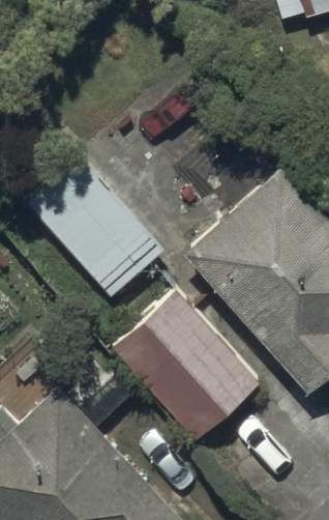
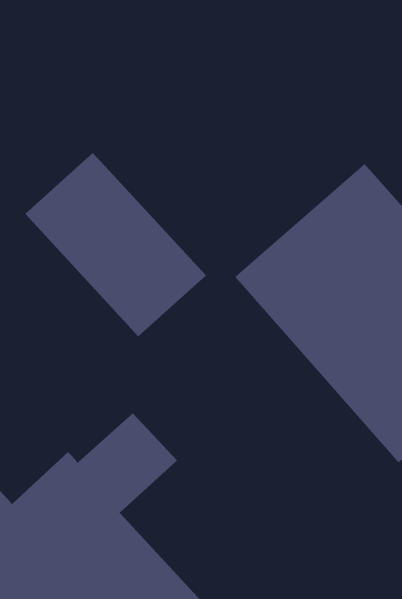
building: [114,291,260,440] -> none

